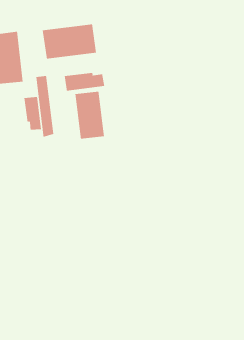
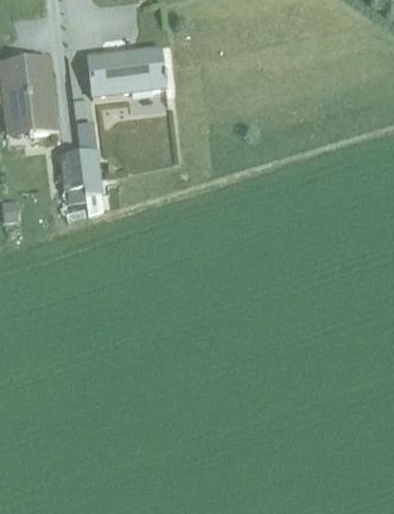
building: [64,72,105,91] -> none
building: [75,91,105,140] -> none

